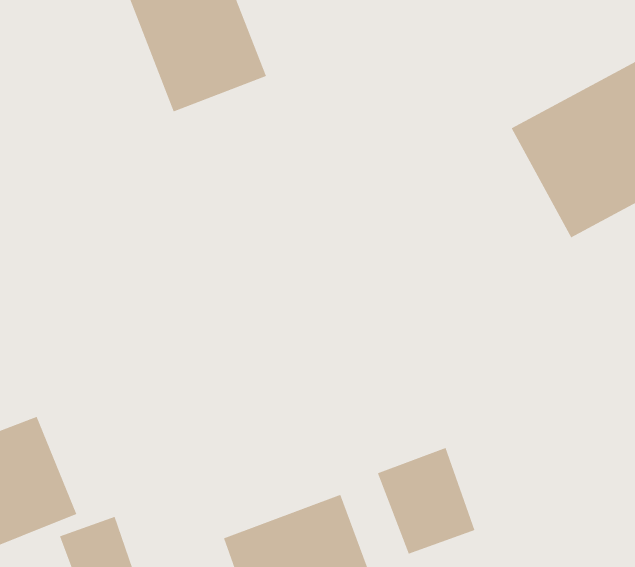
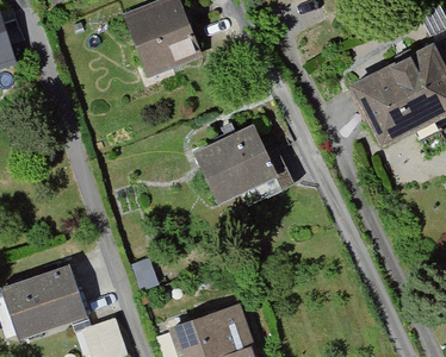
building: none -> [199,126,289,212]
building: [377,447,475,554] -> none

